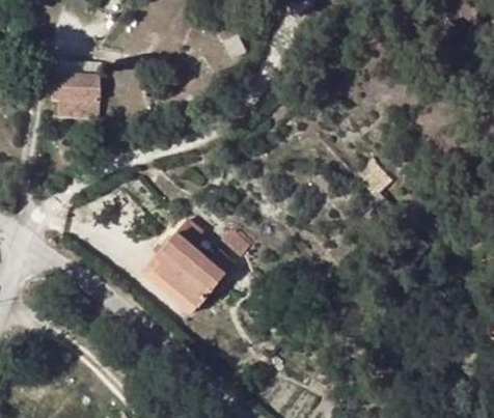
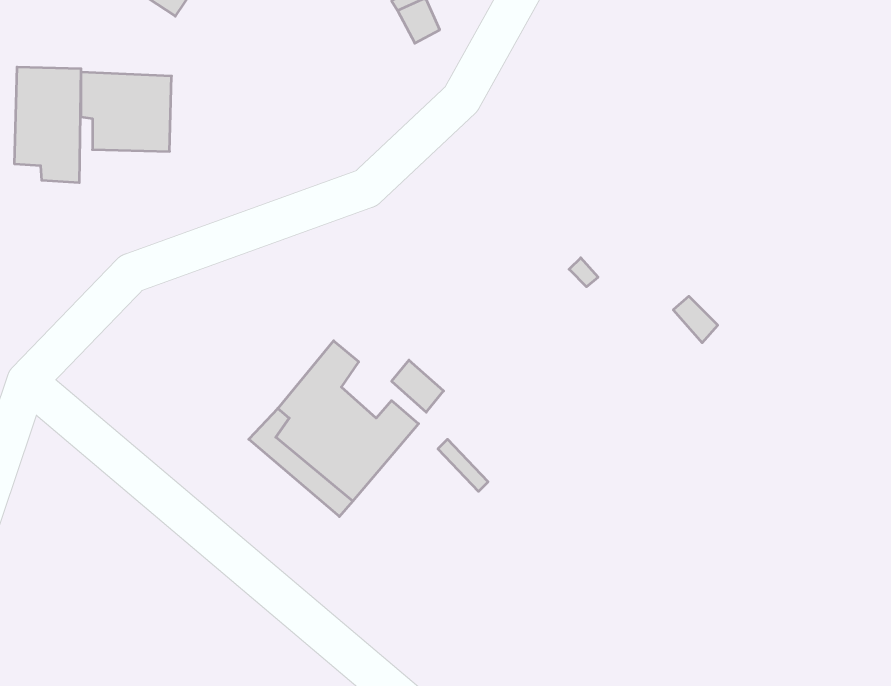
building: none -> [15,67,81,183]

